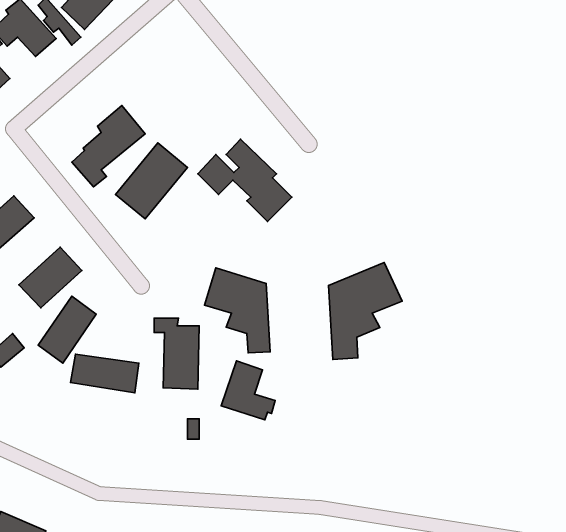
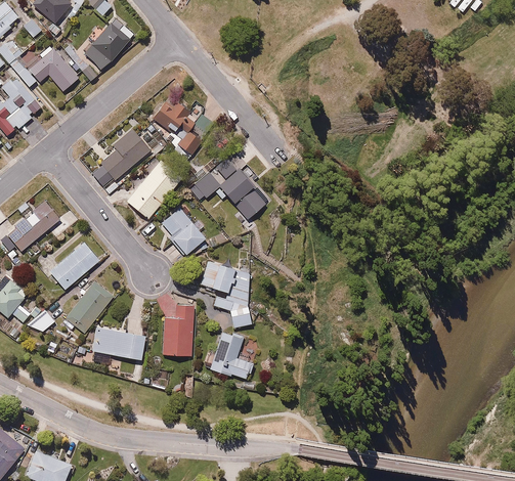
building: none -> [146,98,203,159]
building: none -> [161,206,205,254]
building: [329,263,402,359] -> none

